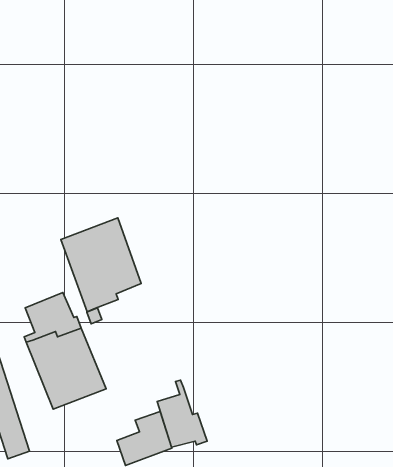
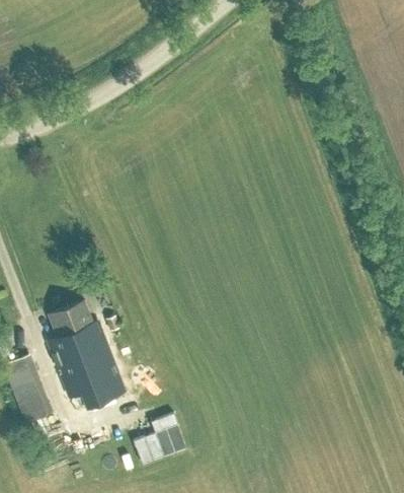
building: [61,218,141,312] -> none
building: [157,380,207,447] -> none

